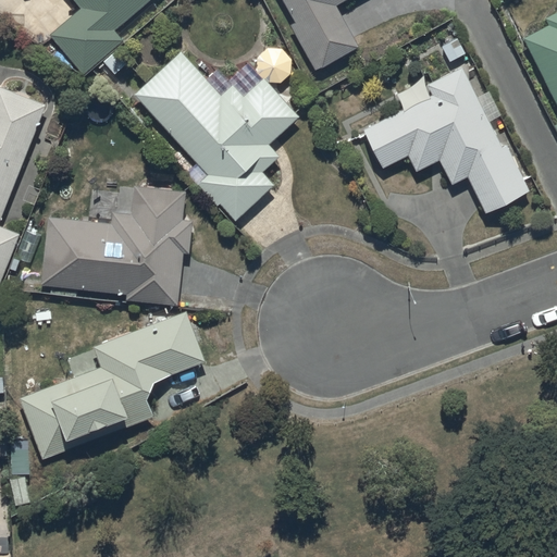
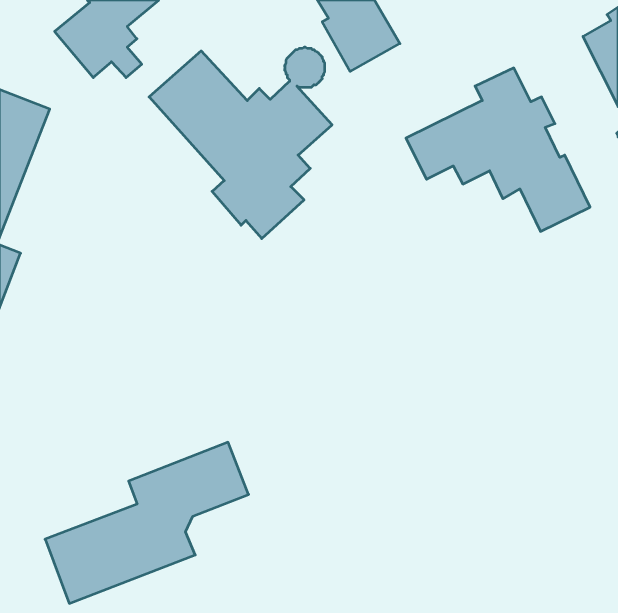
building: [41,185,191,306] -> none
building: [21,312,203,457] -> [45,442,249,603]

